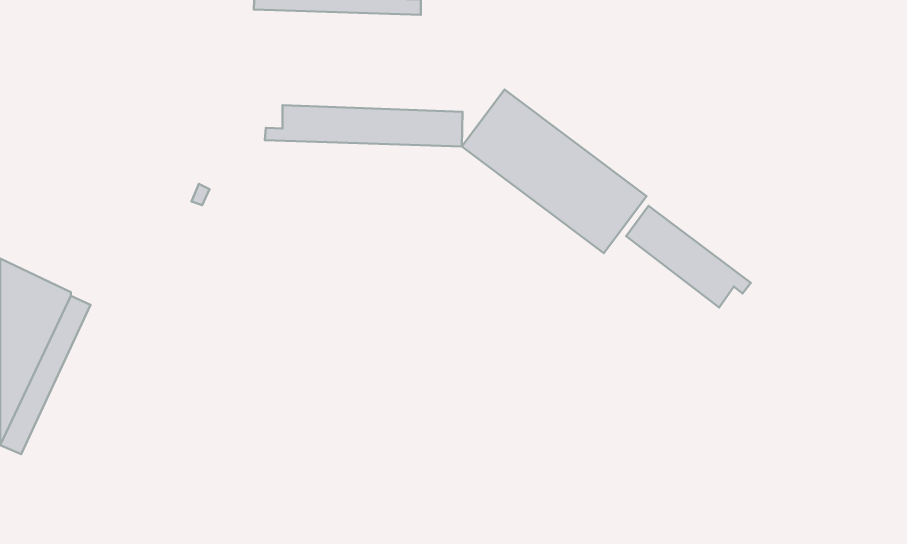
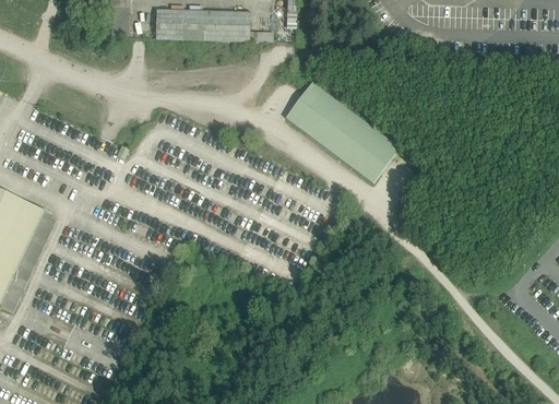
building: [265,105,462,146] -> none
building: [626,206,751,307] -> none

